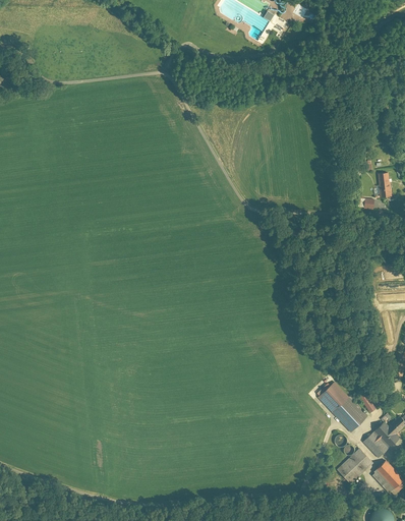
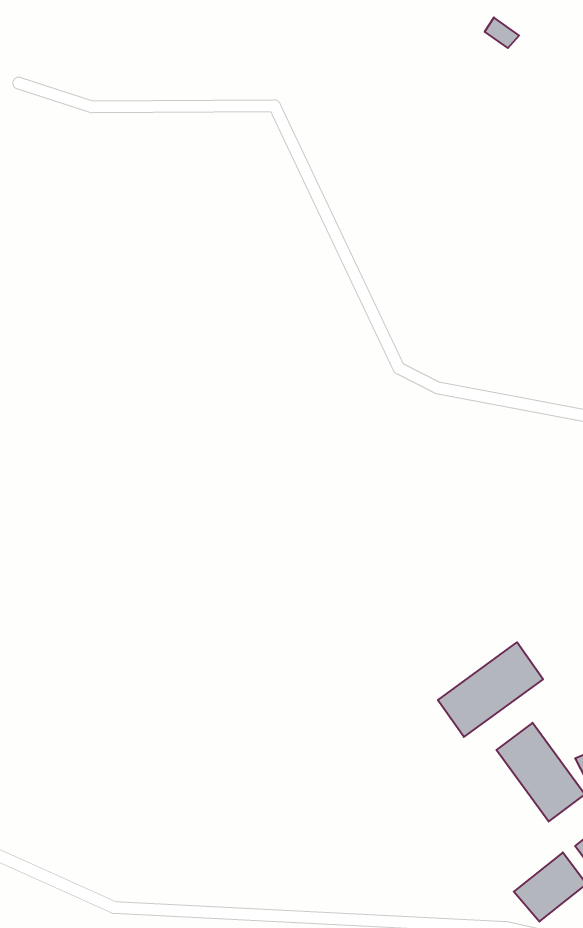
building: none -> [438,642,543,737]

